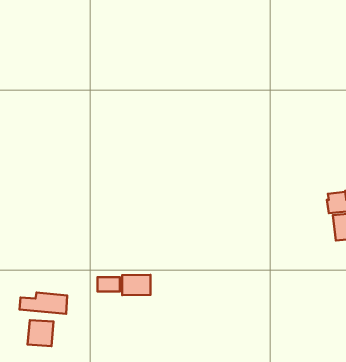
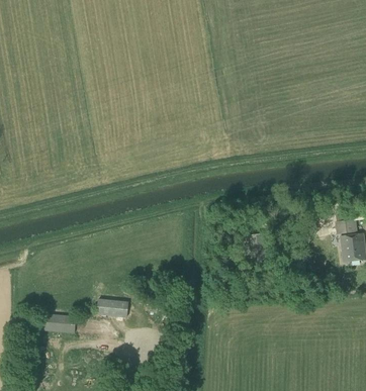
building: [122,275,151,295] -> none
building: [28,320,54,346] -> none

